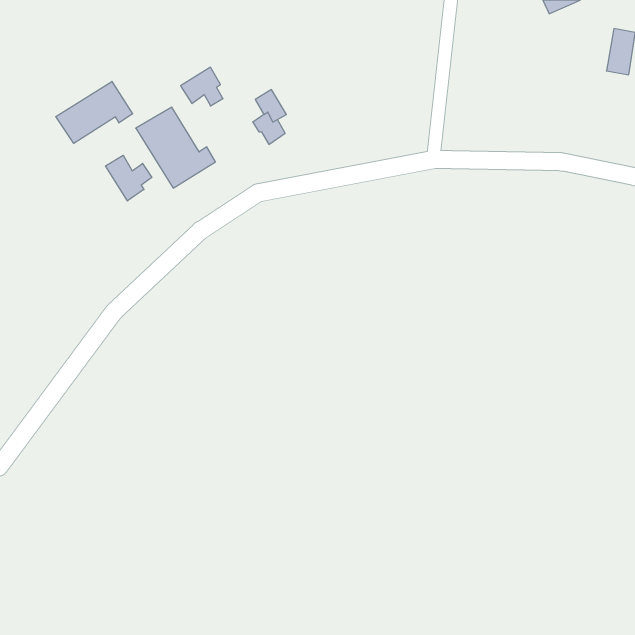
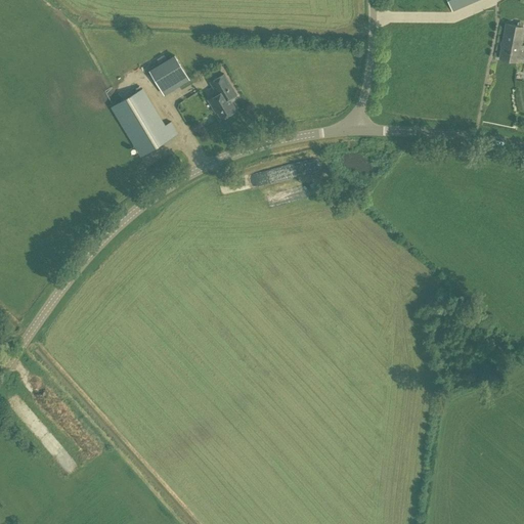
building: [56,81,133,143] -> none
building: [106,155,152,201] -> none

